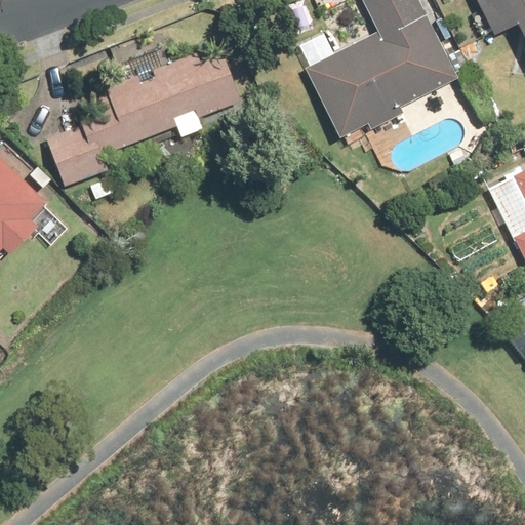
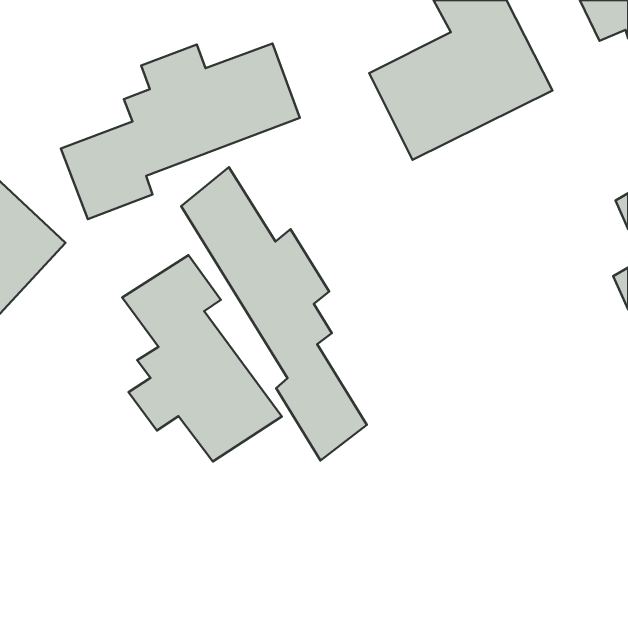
building: none -> [181,167,367,461]
building: none -> [122,255,282,462]

